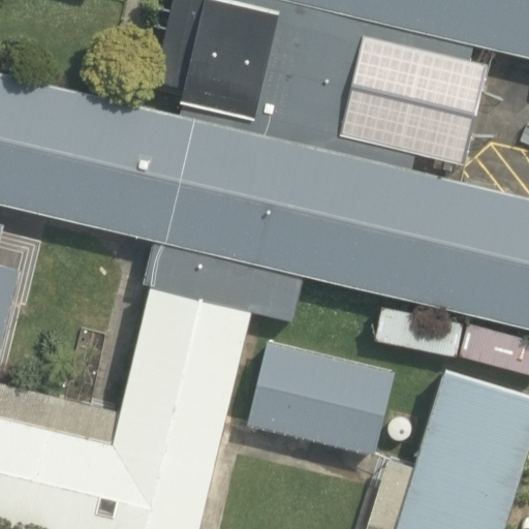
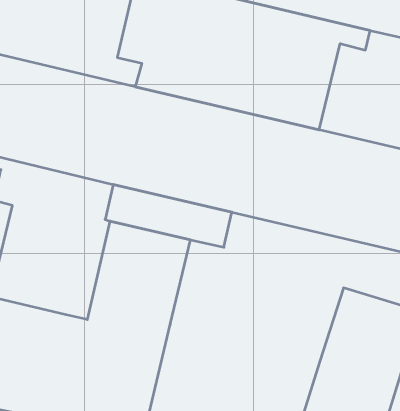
building: [247,342,395,455] -> none

